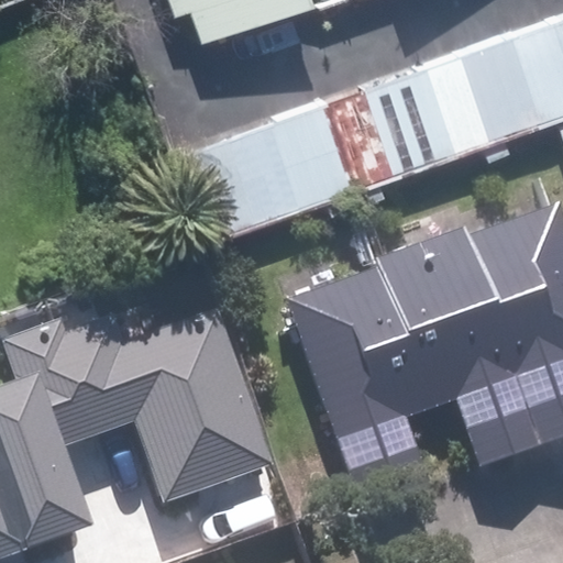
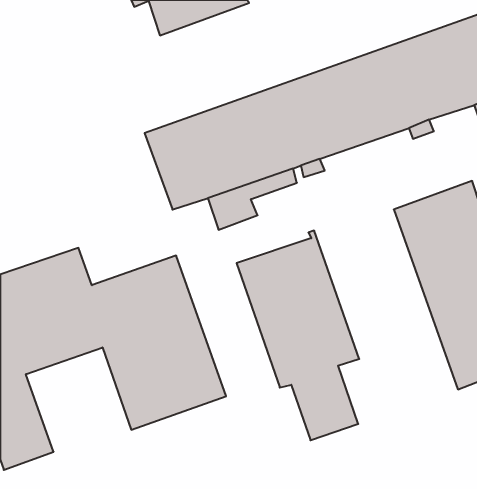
building: [375,234,540,468] -> none

